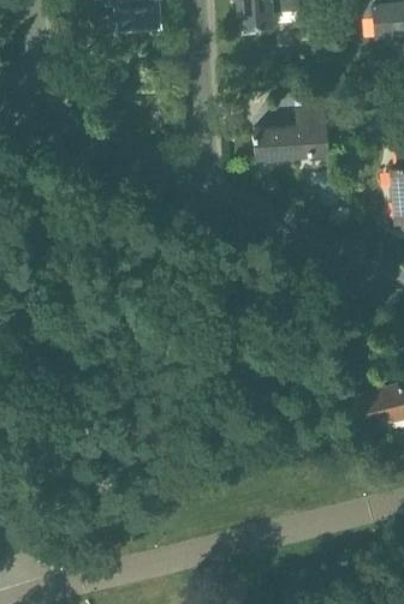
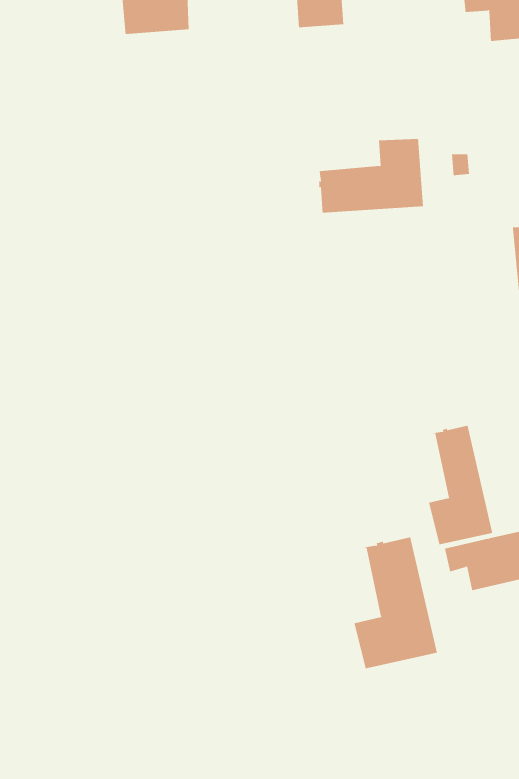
building: none -> [429,425,493,545]
building: none -> [354,536,437,669]

